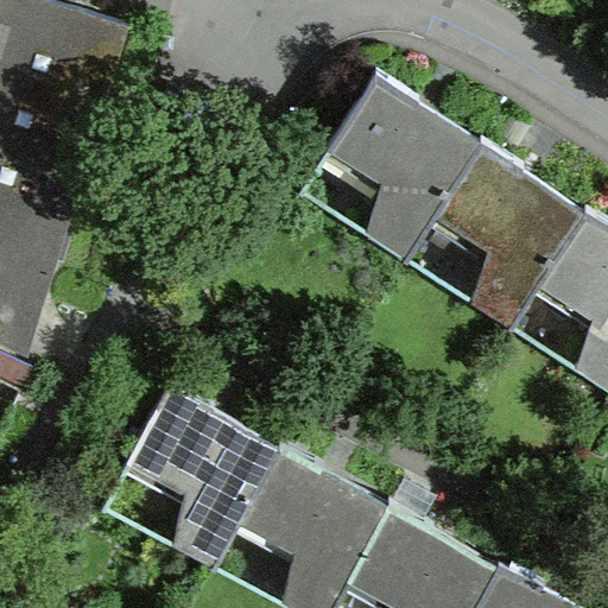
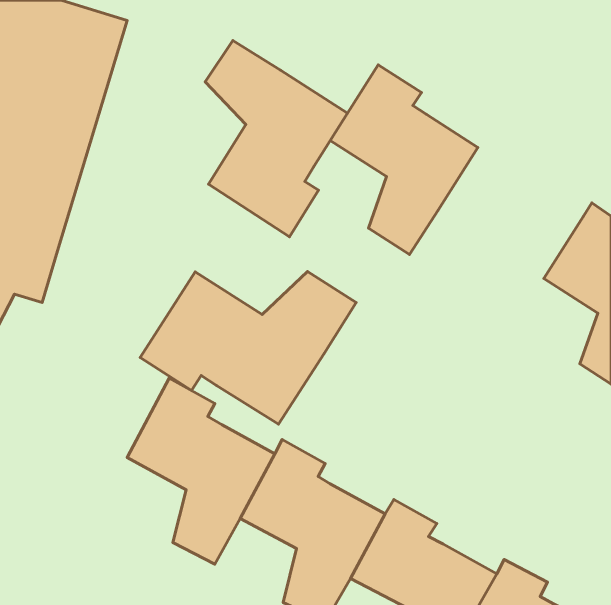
building: none -> [205,41,347,237]
building: [433,141,577,328] -> none
building: none -> [140,272,356,424]

